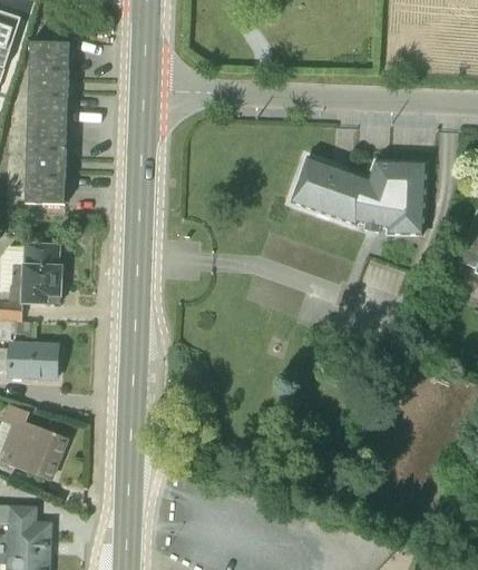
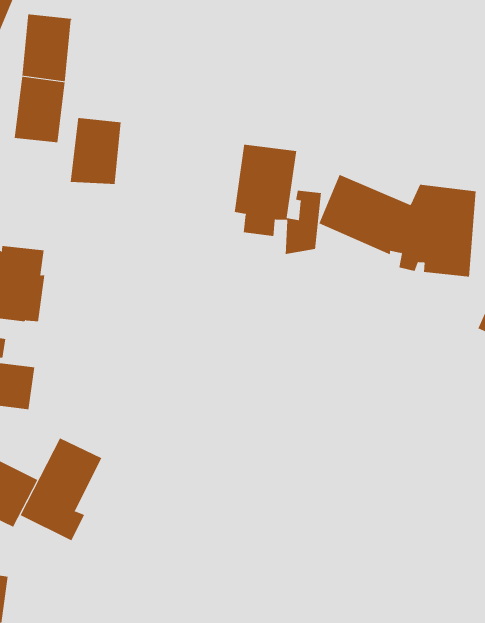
building: none -> [234,144,322,255]
building: [25,149,65,205] -> [70,117,121,184]
building: none -> [20,438,102,541]

